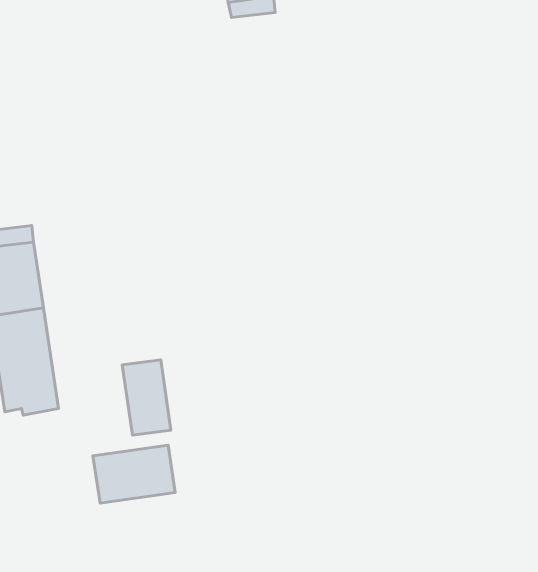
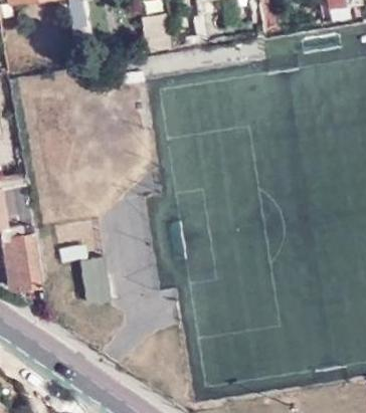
building: [93,445,175,503] -> none

